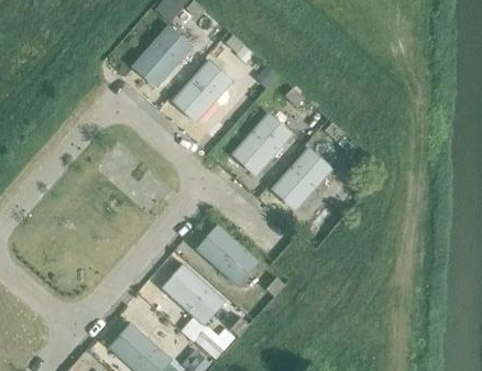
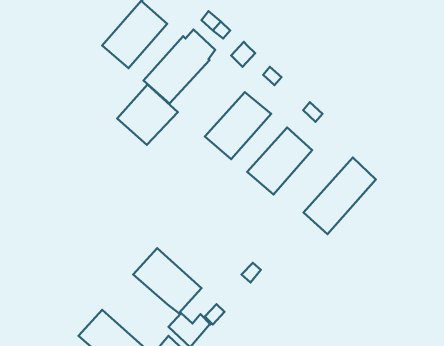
building: none -> [117,85,178,145]
building: none -> [303,157,376,234]
building: [196,223,260,286] -> none

